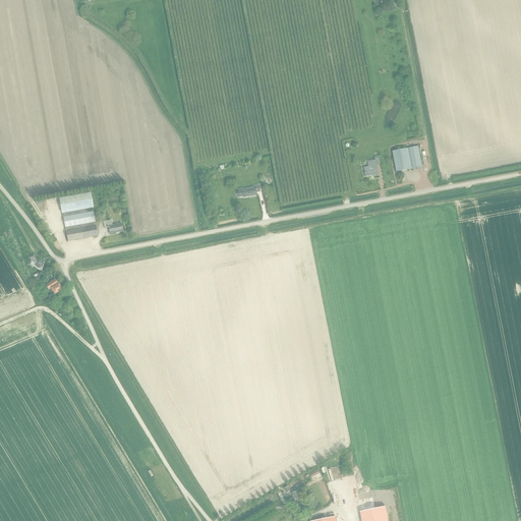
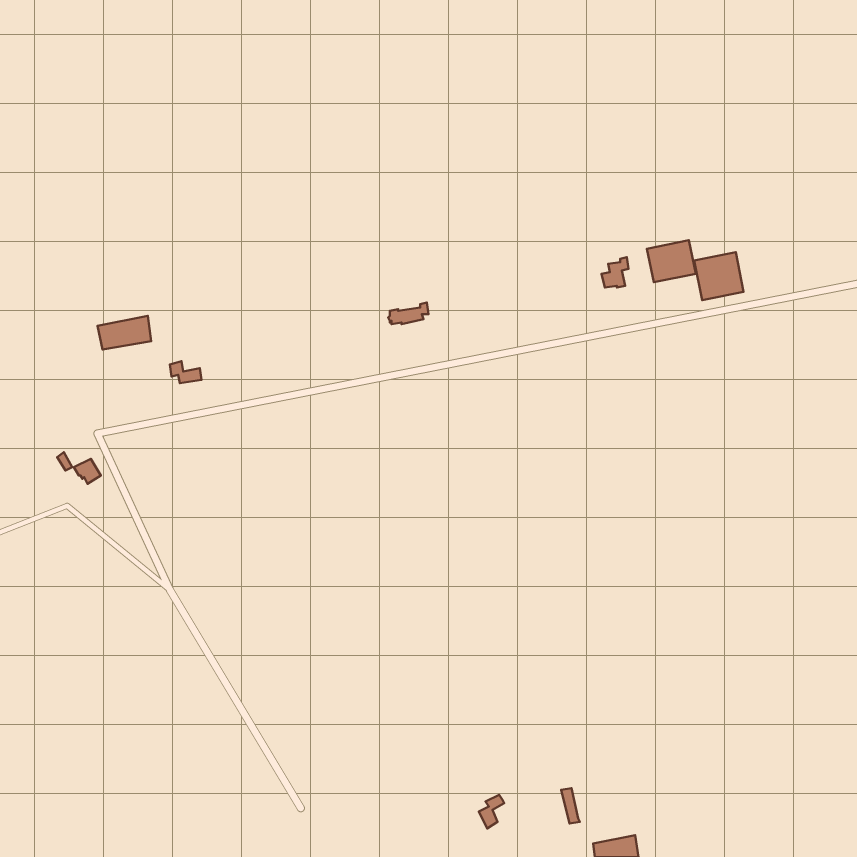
building: none -> [694,252,744,300]
building: [63,211,97,240] -> none

